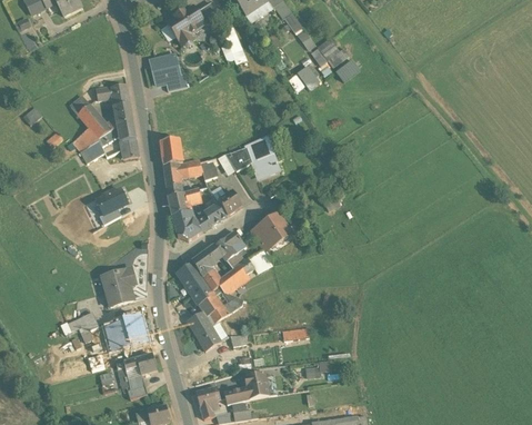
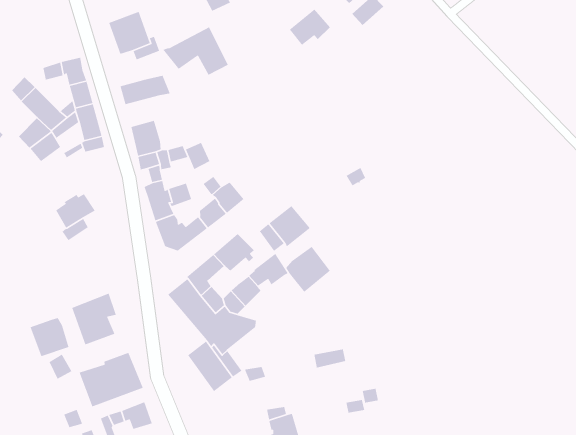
building: none -> [119,75,171,105]
building: [224,139,274,177] -> [162,26,229,76]
building: none -> [285,246,331,293]
building: none -> [29,317,70,357]

